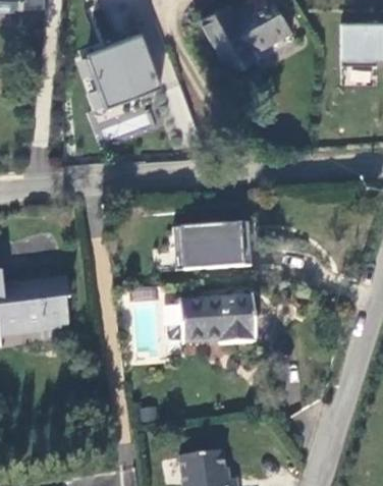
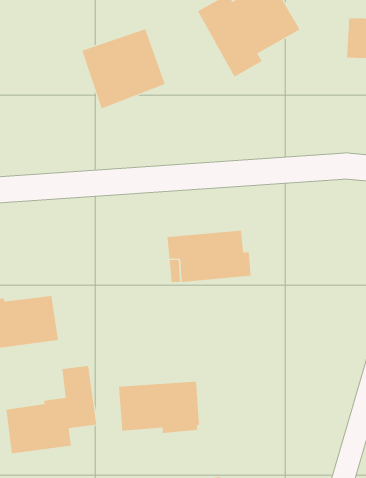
building: [178,294,255,343] -> [118,381,200,433]
building: none -> [6,365,97,454]

